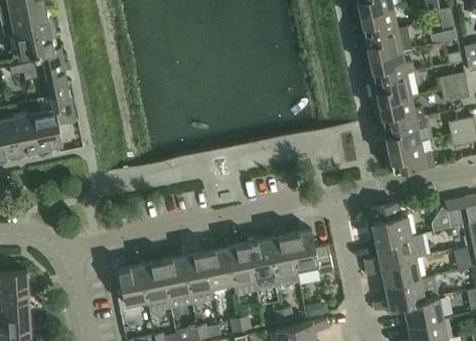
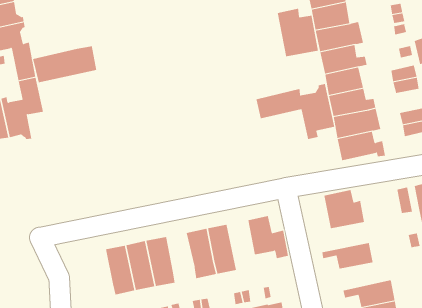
building: none -> [277,8,319,57]
building: none -> [33,45,97,83]
building: none -> [256,83,335,140]
building: [268,235,299,288] -> none
building: [364,237,417,269] -> none
building: [204,248,232,289] -> none
building: [117,266,147,307] -> none
building: [373,277,440,312] -> none

